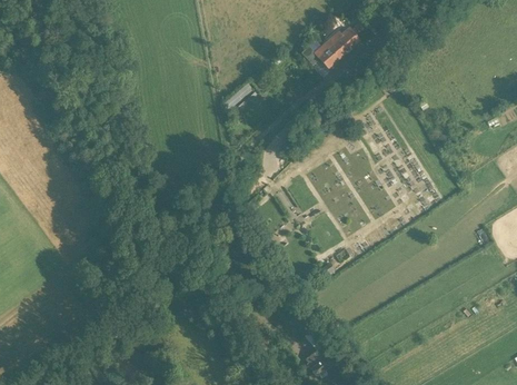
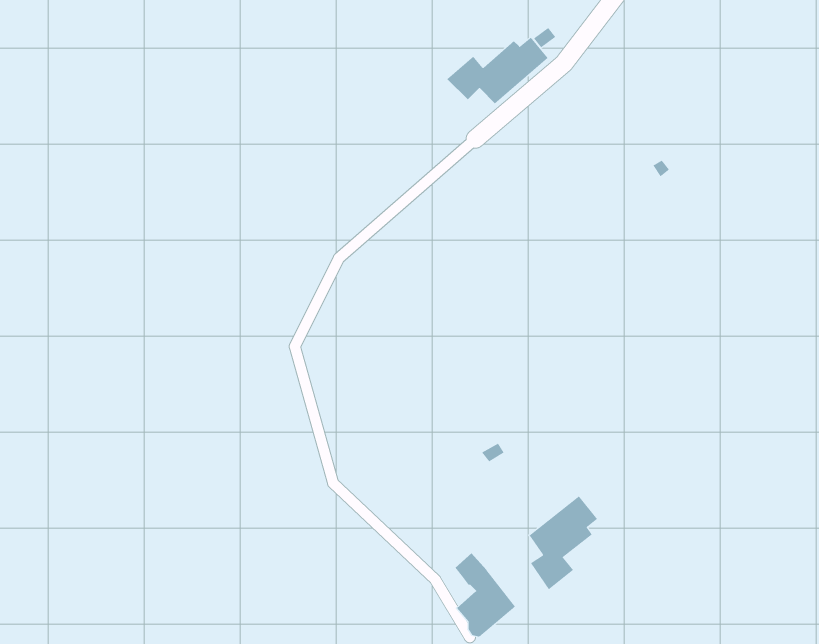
building: none -> [529,496,598,590]

